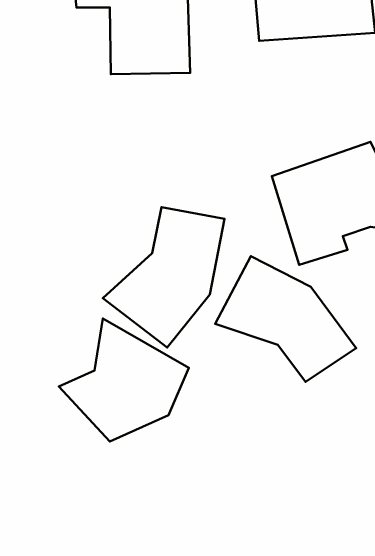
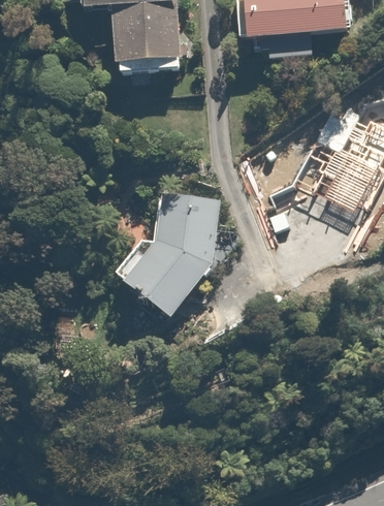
building: [215,256,356,382] -> none
building: [59,318,189,442] -> none

